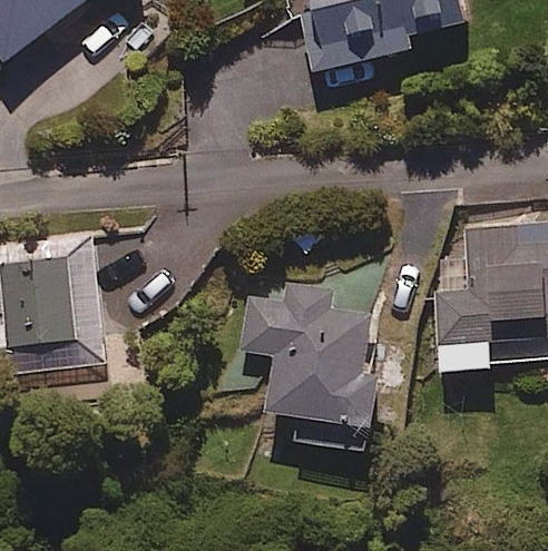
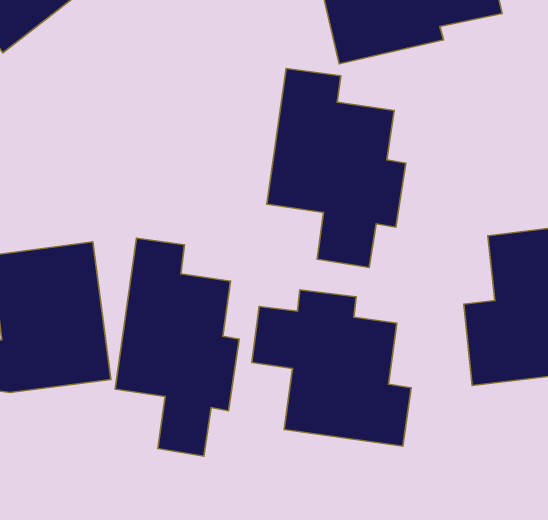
building: none -> [267,68,406,268]
building: none -> [115,238,239,456]

